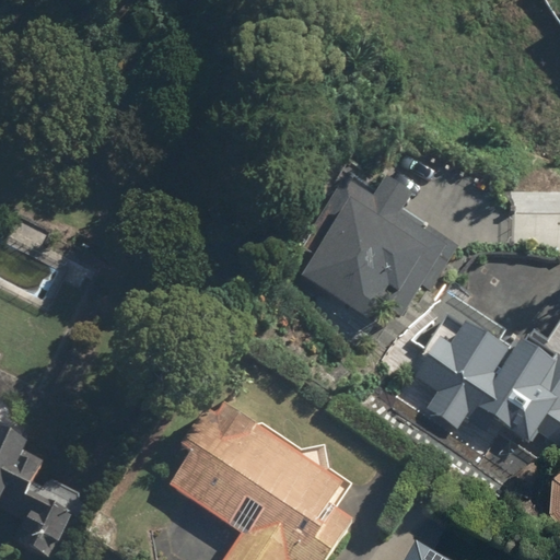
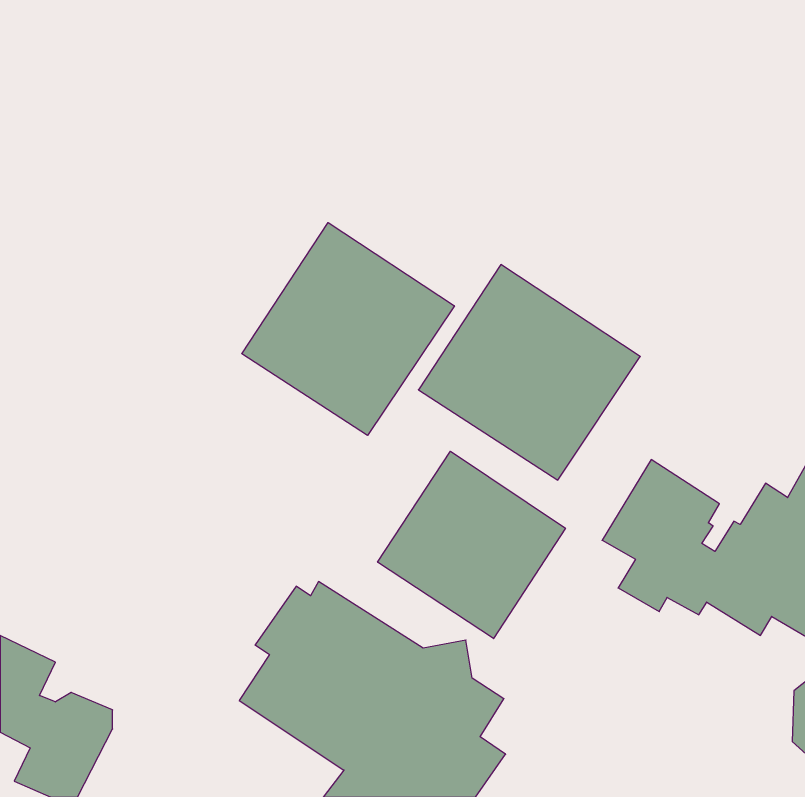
building: none -> [242,223,454,435]
building: none -> [378,451,565,639]

